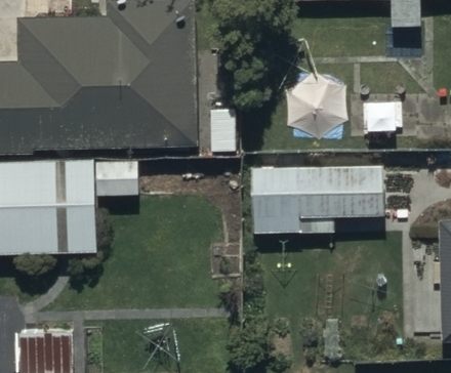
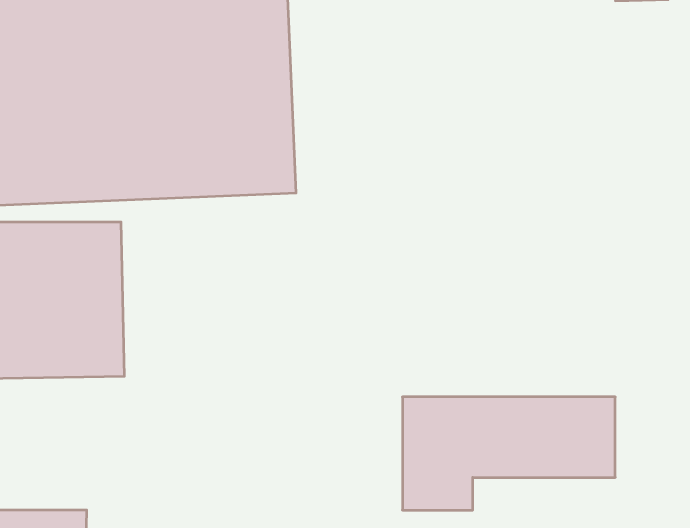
building: [257,167,384,235] -> [402,397,615,510]

